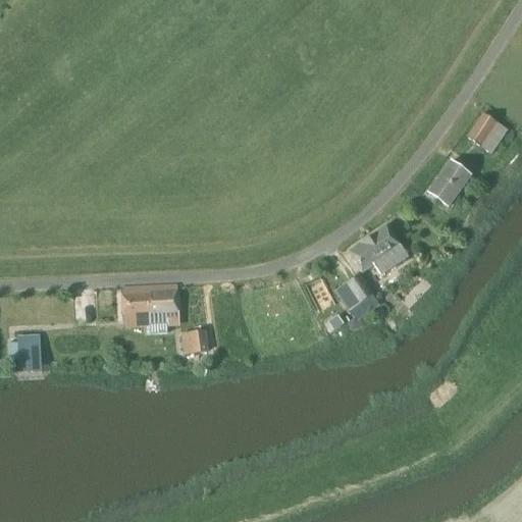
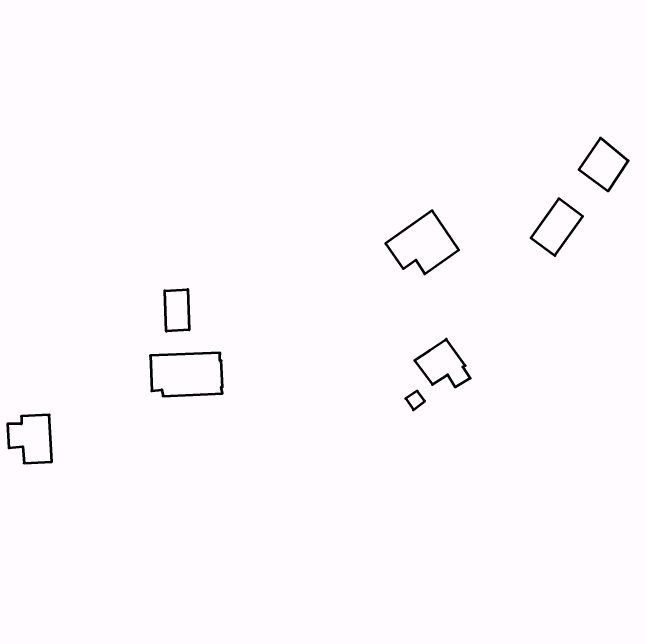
building: [349,224,408,275] -> [386,211,459,274]
building: none -> [165,289,189,331]
building: [180,331,208,354] -> none

